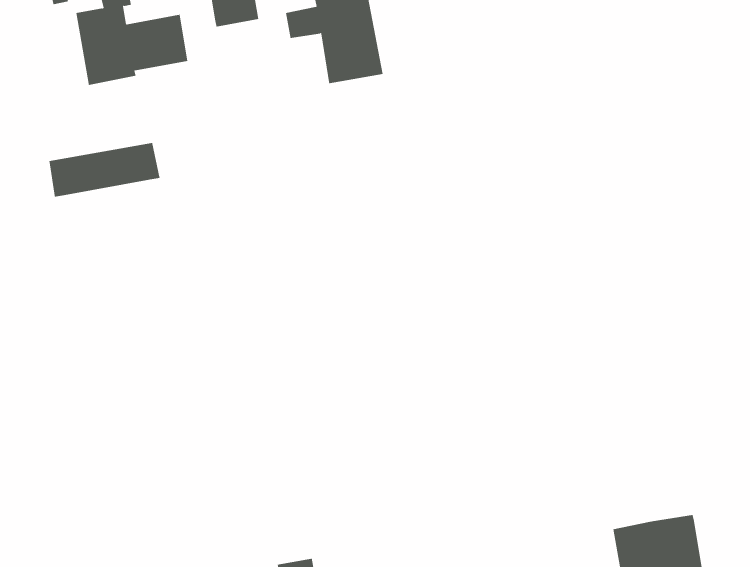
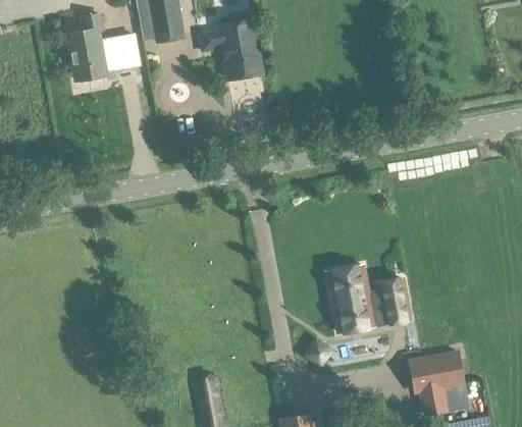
building: [49,142,160,198] -> none
building: none -> [327,265,410,331]

